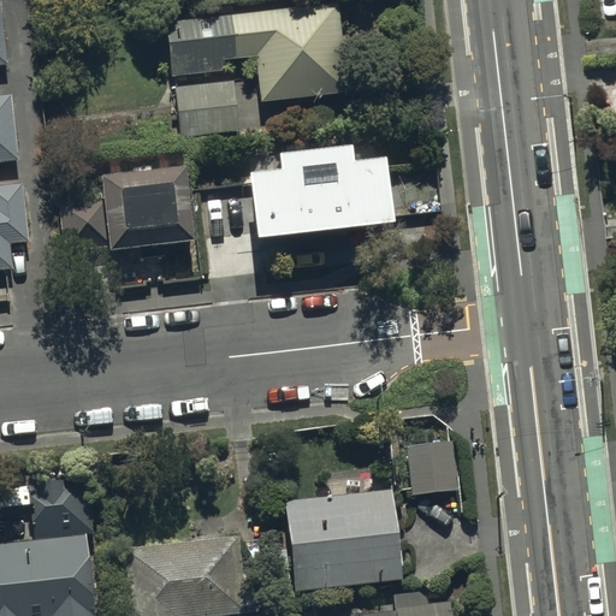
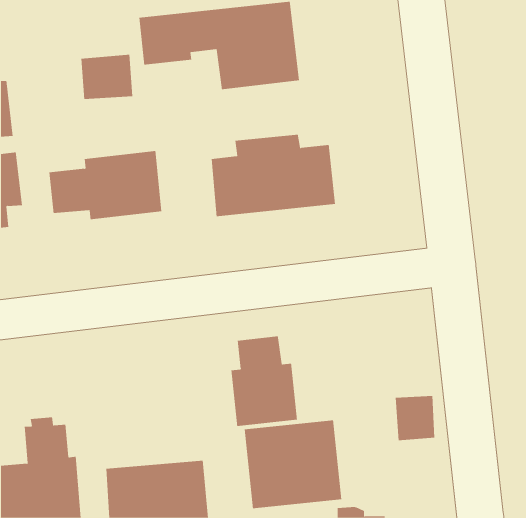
building: [178,79,239,132] -> [81,54,133,100]
building: none -> [231,336,297,427]
building: [408,439,455,492] -> [395,396,435,441]

